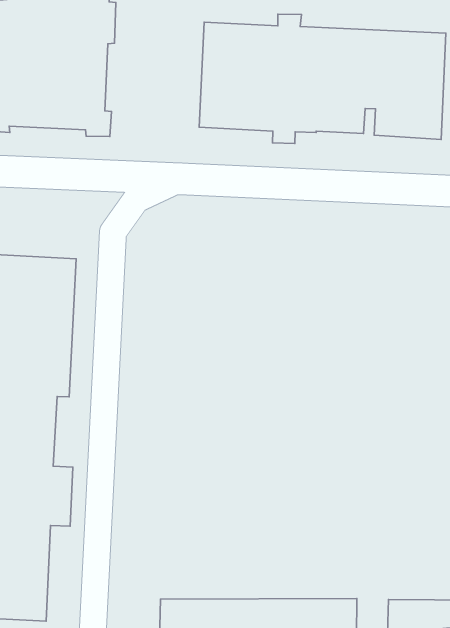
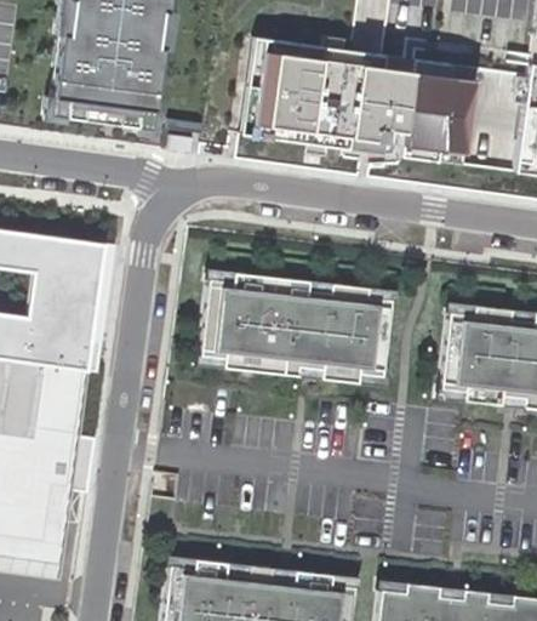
building: none -> [199,270,389,381]

